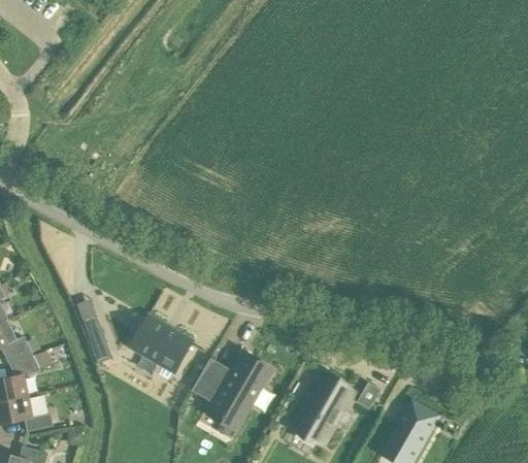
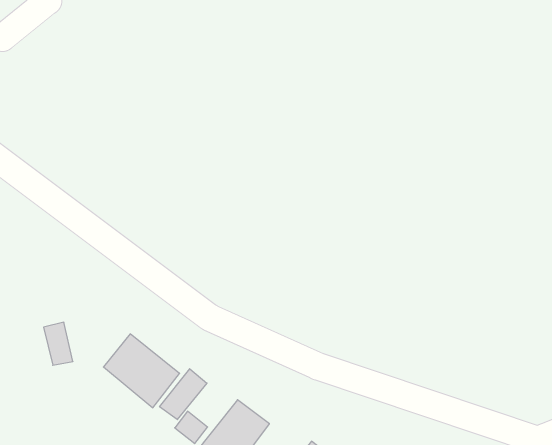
building: none -> [160,369,207,420]

